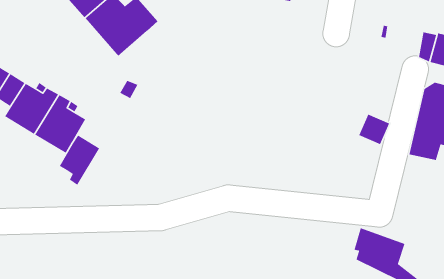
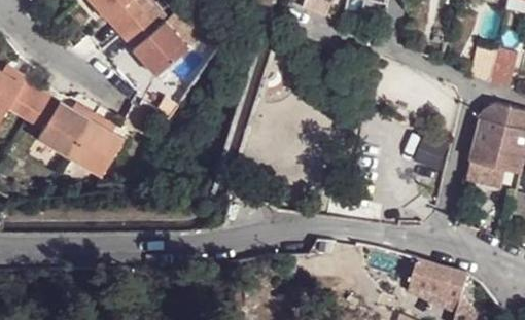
building: [59,135,100,186] -> none

